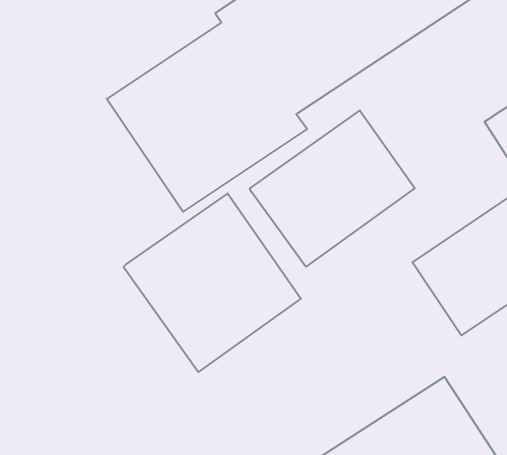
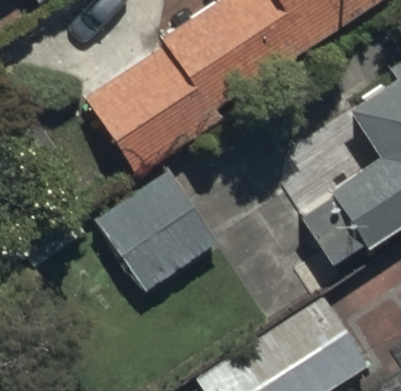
building: [250,110,415,267] -> none

